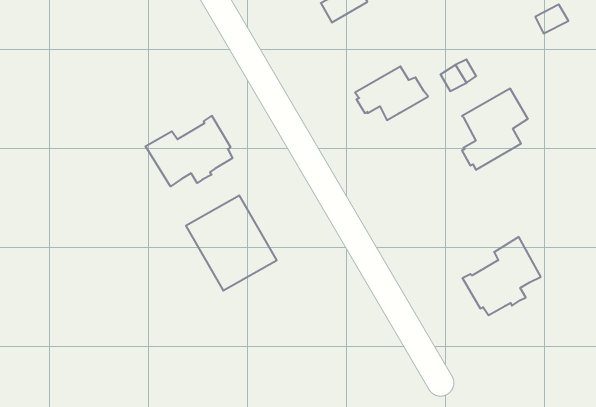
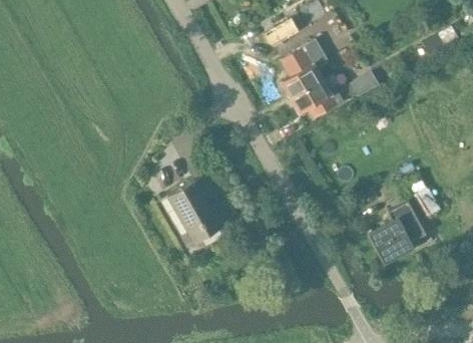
building: [462,89,528,170] -> [280,39,328,98]
building: [145,116,232,186] -> none

